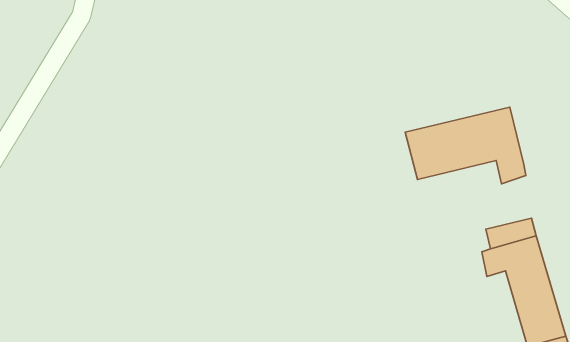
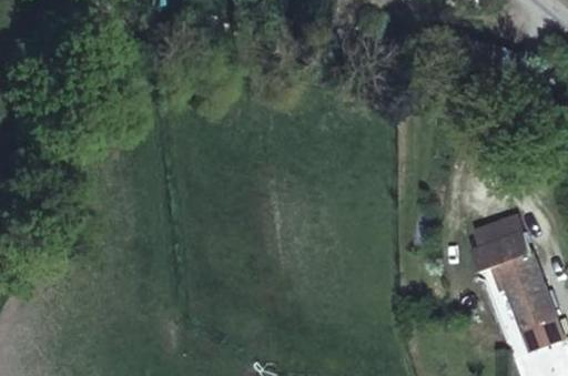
building: [405,107,526,184] -> none

